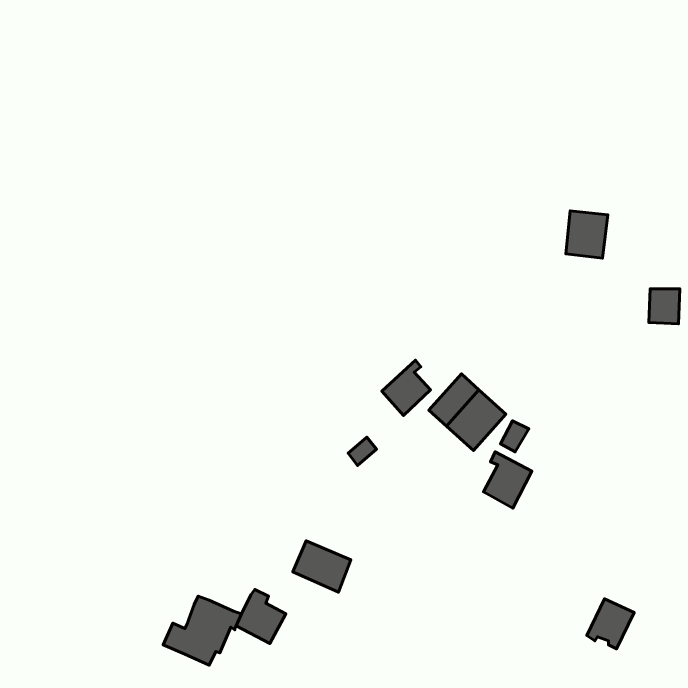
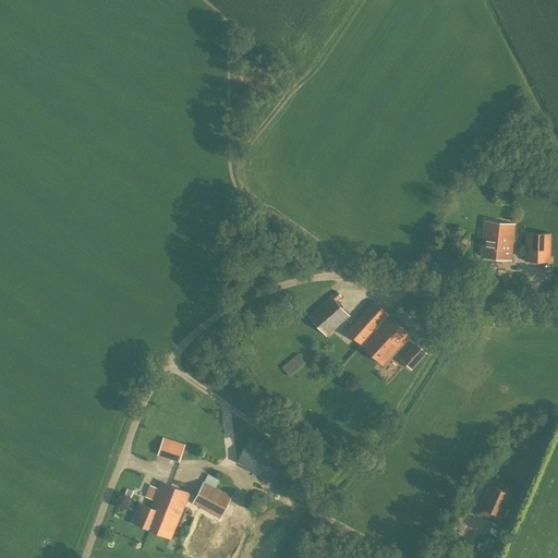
building: [566,211,608,258] -> [481,222,514,260]
building: [483,452,532,508] -> none
building: none -> [156,438,184,463]

